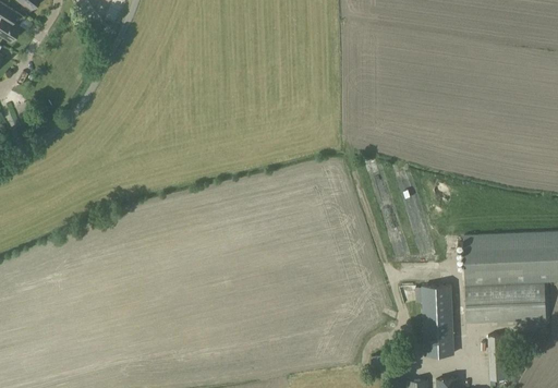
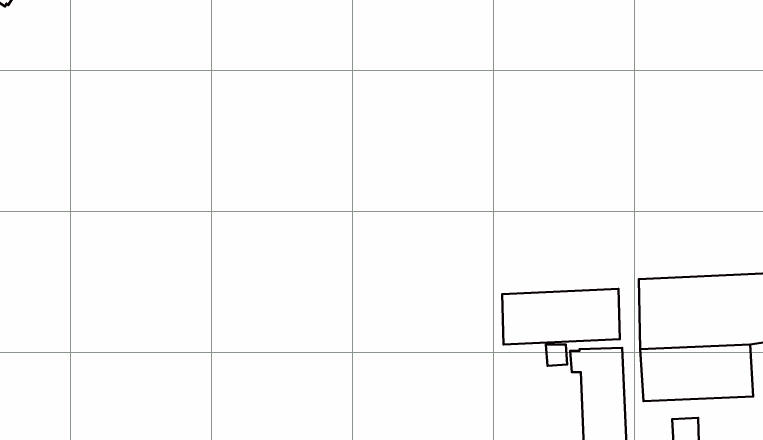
building: none -> [502,289,620,345]

